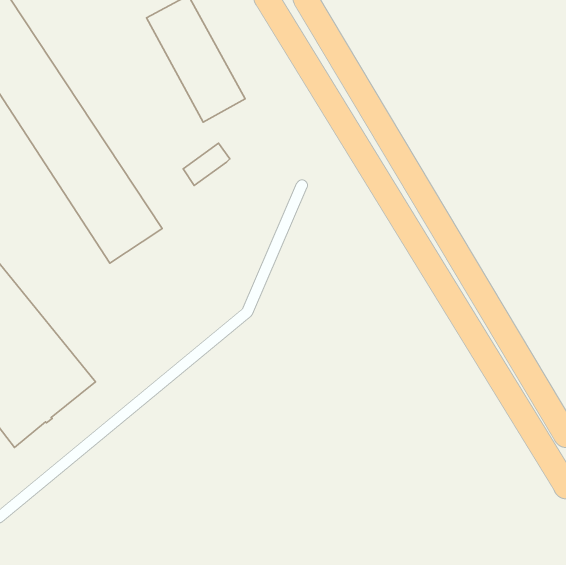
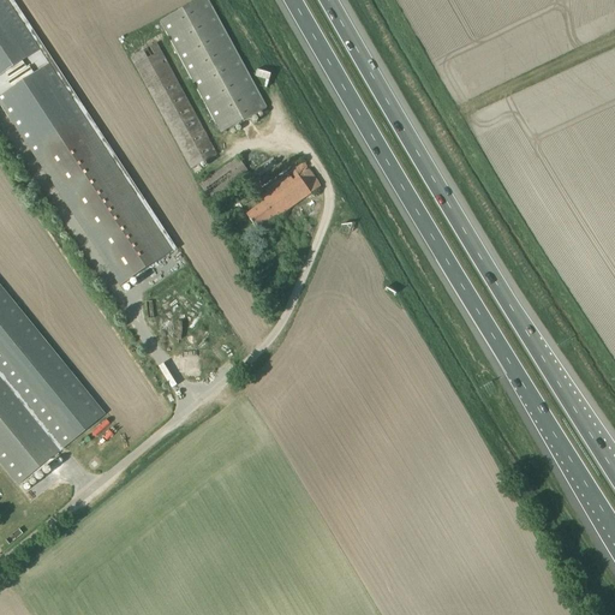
building: none -> [129,42,216,168]
building: none -> [245,160,320,229]

